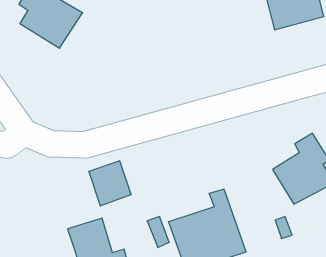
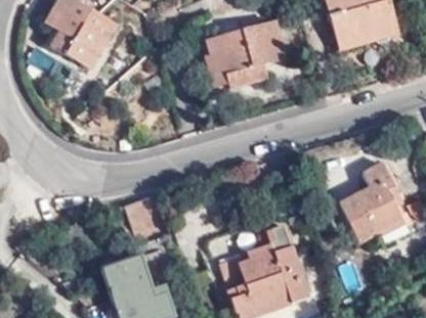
building: none -> [203,21,286,89]

